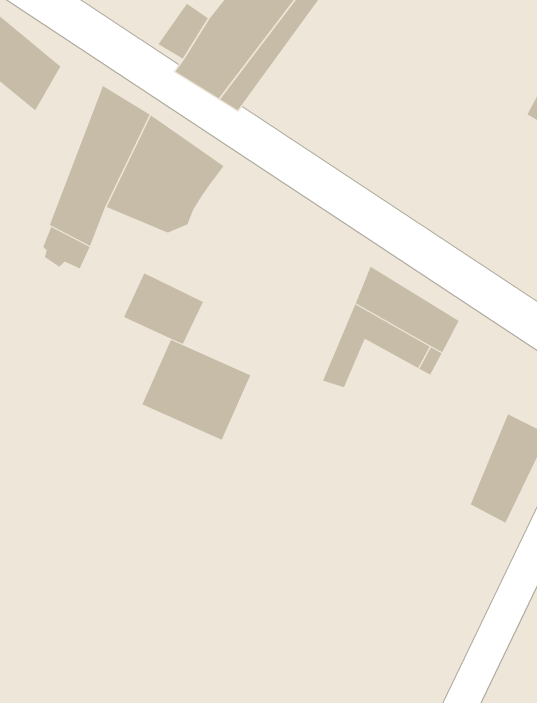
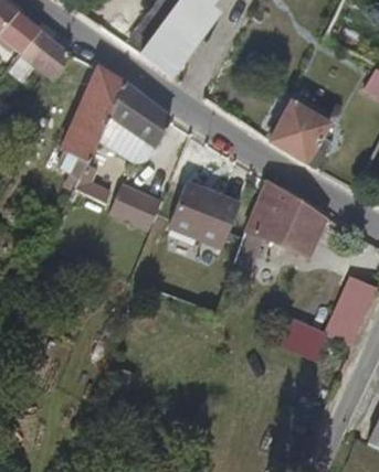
building: none -> [280,94,345,155]
building: [141,339,251,440] -> [162,185,233,250]
building: none -> [281,315,326,356]

